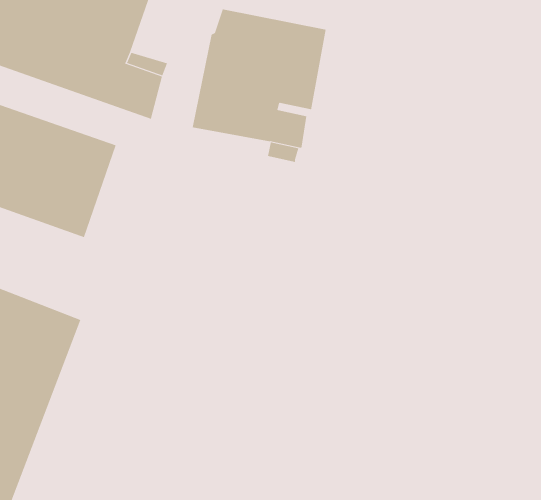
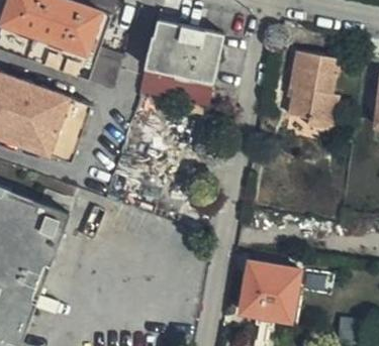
building: none -> [287,50,339,130]
building: none -> [241,261,299,321]

